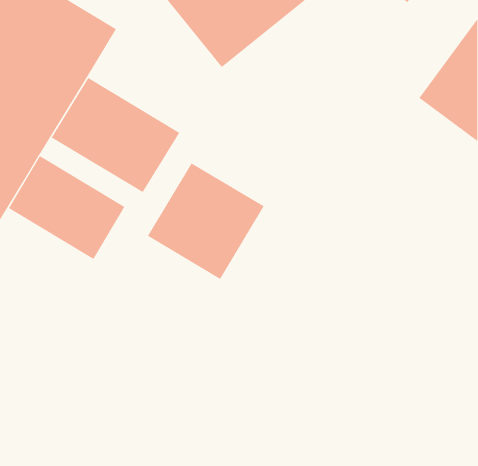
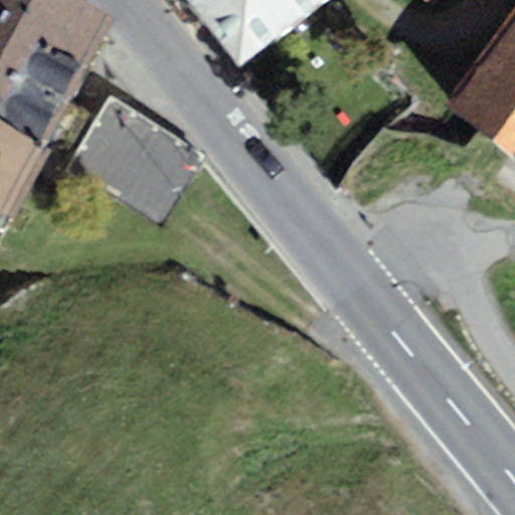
building: [8,155,125,260] -> none
building: [147,162,265,280] -> none

